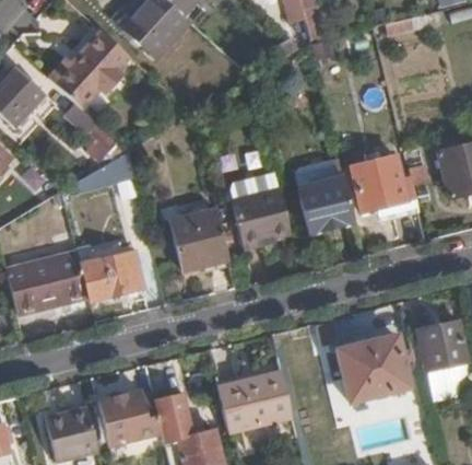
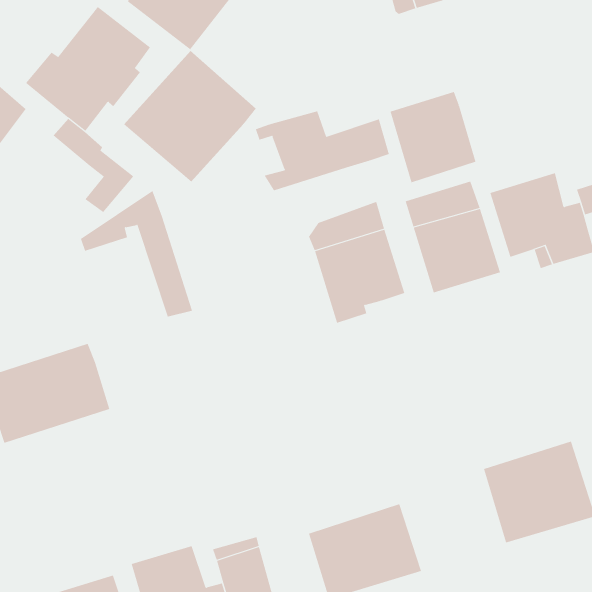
building: none -> [123,50,256,183]
building: none -> [390,91,476,183]
building: none -> [255,110,390,191]
building: [169,208,231,271] -> none
building: [83,251,145,301] -> none

